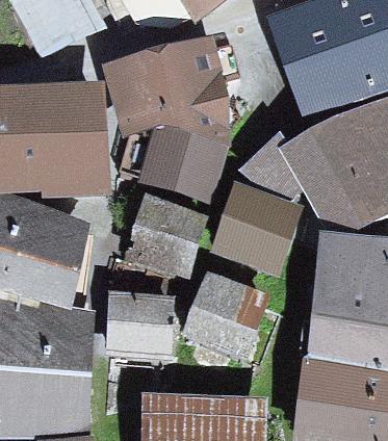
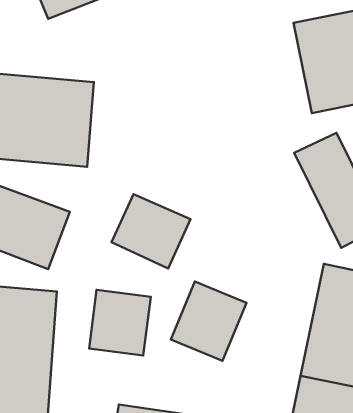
building: [114,46,223,132] -> none
building: [152,134,227,206] -> none
building: [225,192,300,265] -> none

